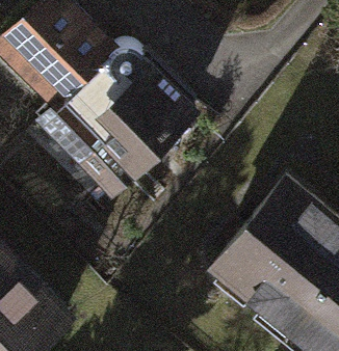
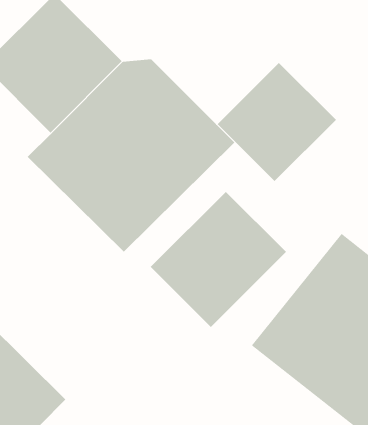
building: none -> [217,62,337,182]
building: none -> [150,191,287,328]

